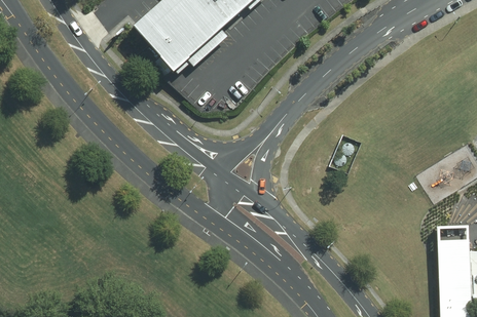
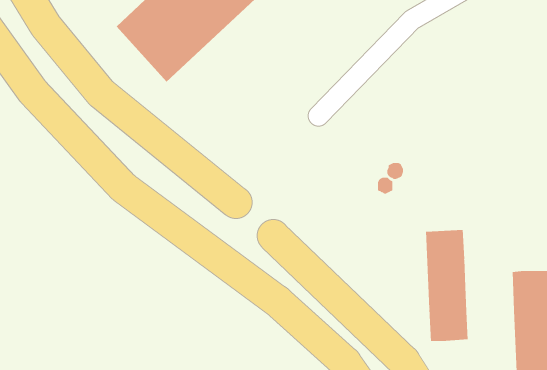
building: none -> [426,229,468,342]

